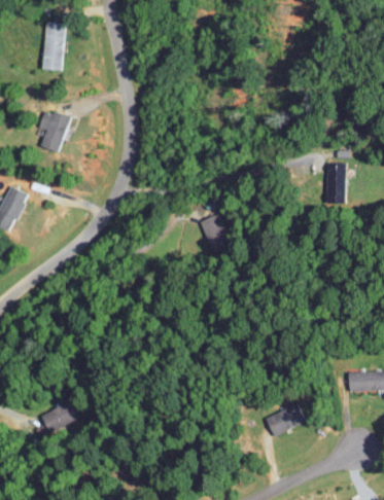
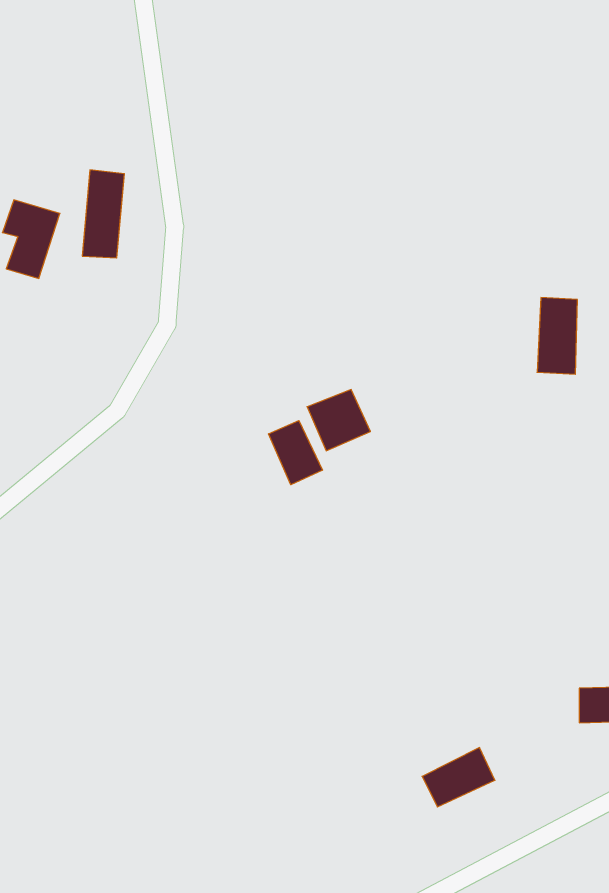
building: [41,23,64,70] -> [82,170,124,258]
building: none -> [269,421,322,485]
building: [41,403,80,432] -> none

